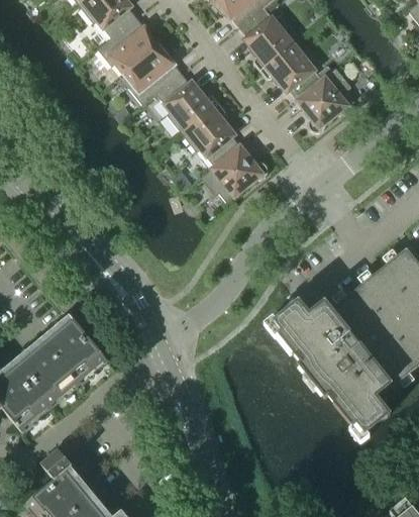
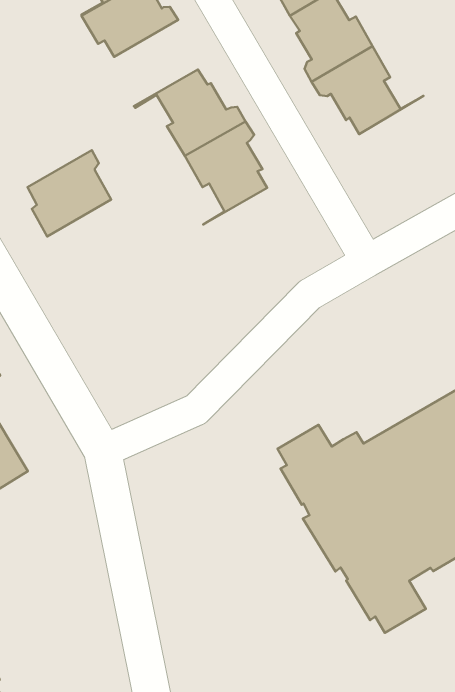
building: [123,41,181,104] -> [28,150,111,237]
building: [296,68,354,132] -> none
building: [200,145,268,202] -> none

